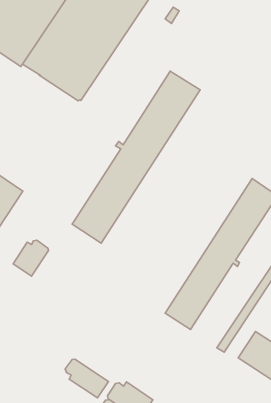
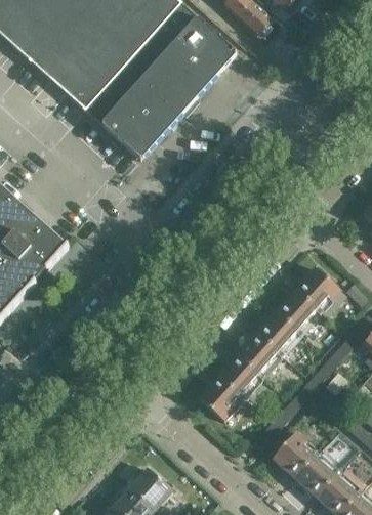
building: [72,71,200,243] -> none
building: [13,240,49,276] -> none
building: [65,359,108,398] -> none

